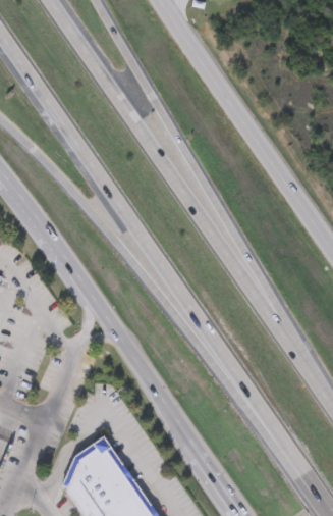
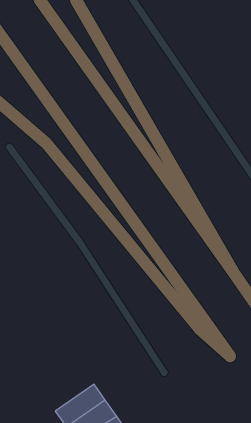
building: [65,444,118,499] -> none

